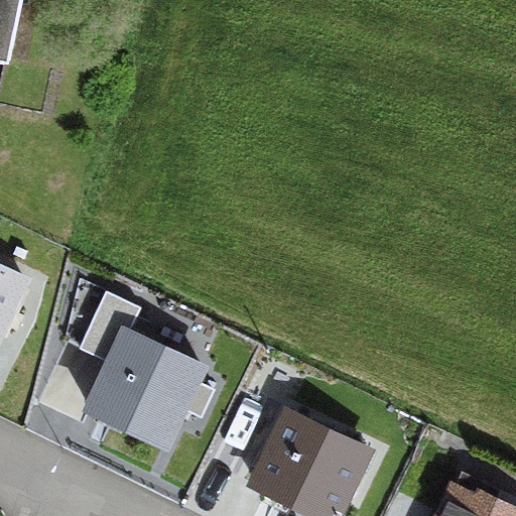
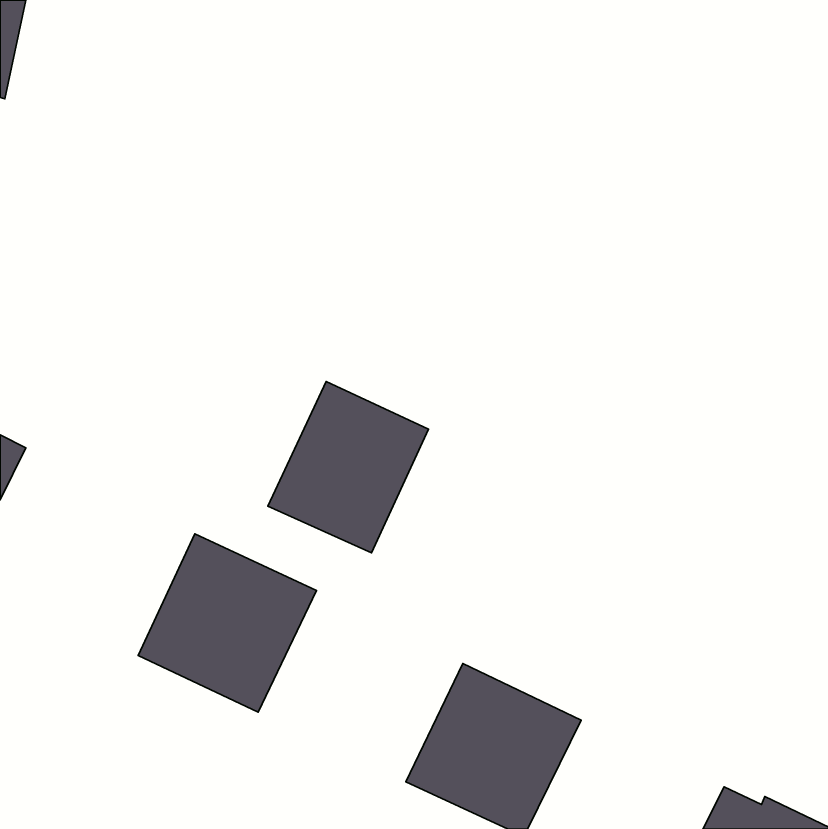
building: none -> [268,382,428,553]

